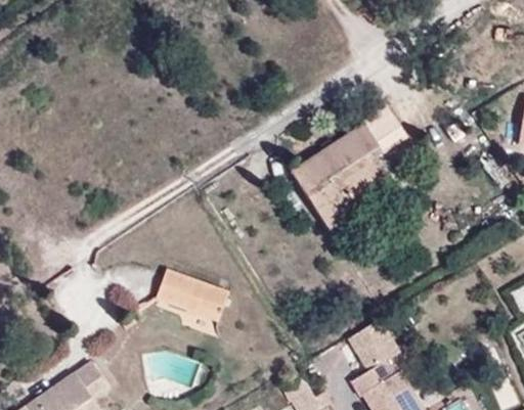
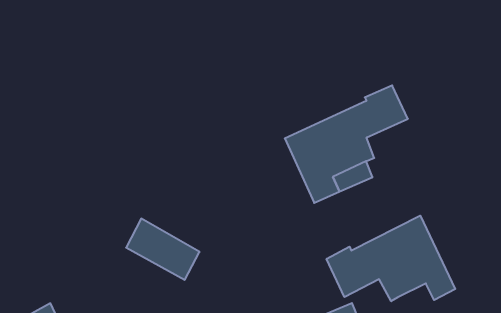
building: none -> [327,216,455,301]

